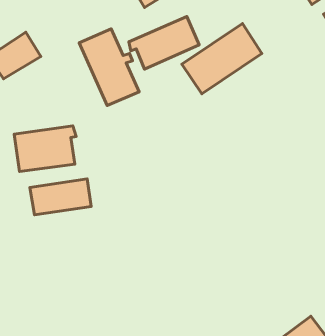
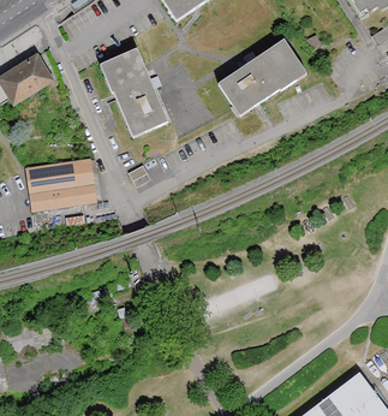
building: [129,17,199,69] -> none
building: [30,179,91,215] -> none

